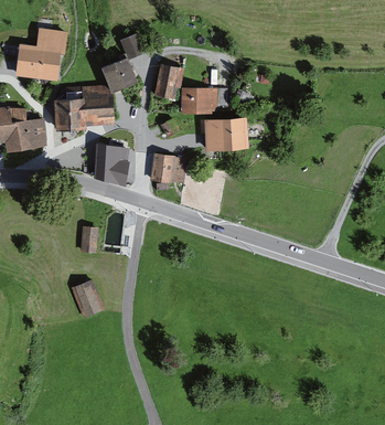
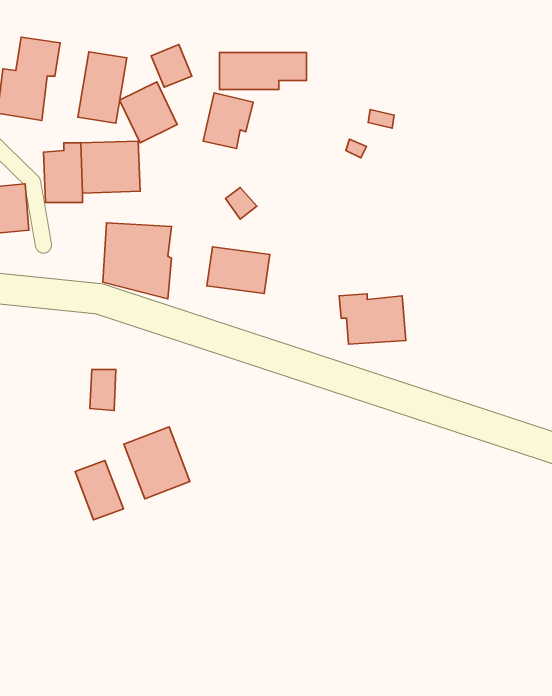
building: none -> [78,52,127,123]
building: [179,89,231,111] -> [219,52,307,90]
building: [202,118,242,148] -> [339,294,406,344]
building: none -> [124,427,190,499]

